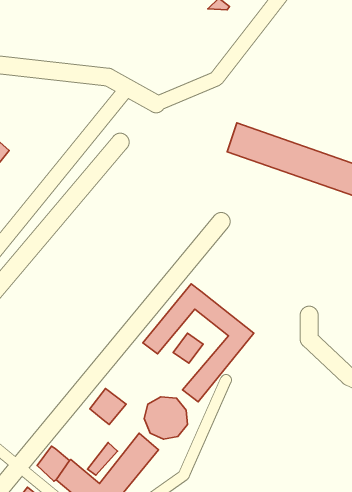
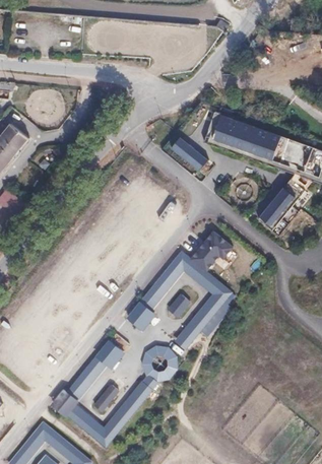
building: none -> [171,136,208,172]
building: none -> [258,186,294,225]
building: none -> [189,229,234,272]
building: none -> [127,301,157,332]
building: none -> [66,356,107,400]

